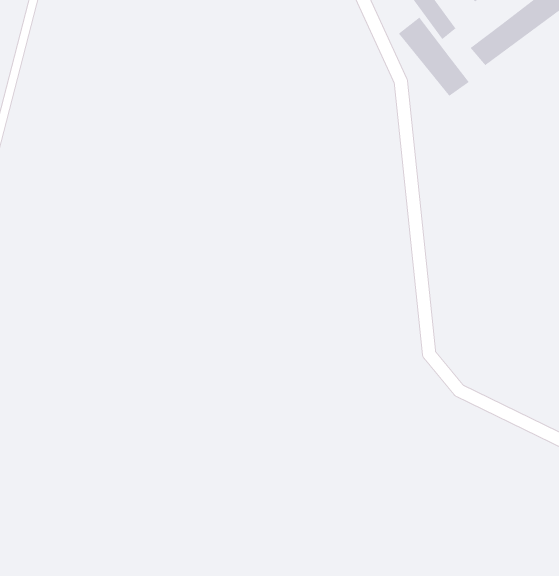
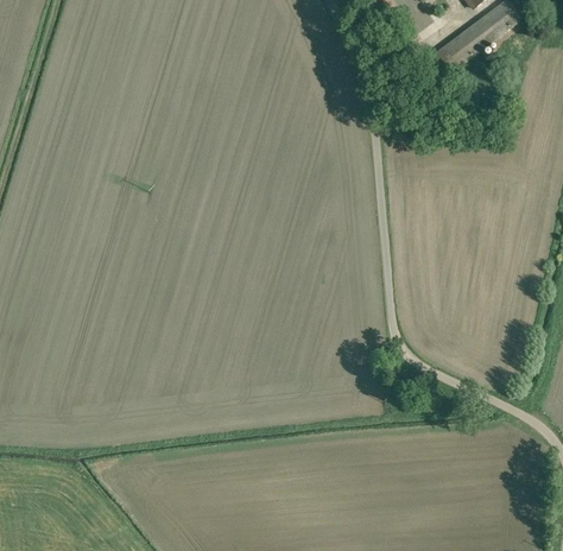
building: [398,17,470,97] -> none

